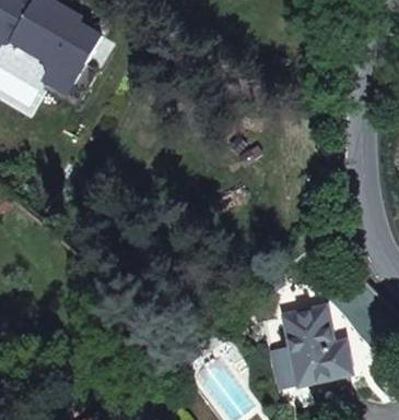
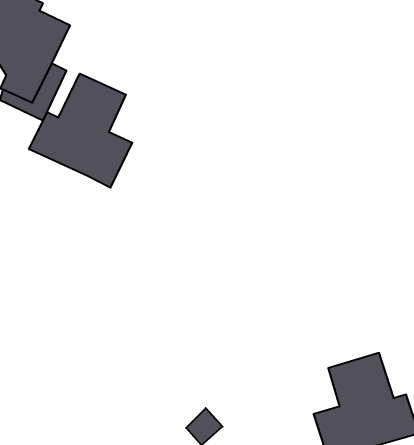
building: none -> [29,74,132,188]

